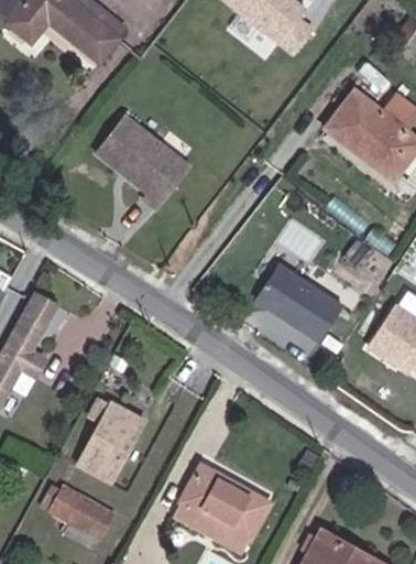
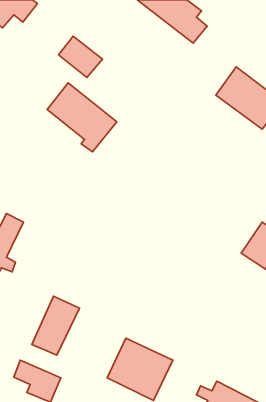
building: [61,6,120,62] -> [59,36,102,78]
building: [260,263,347,338] -> none

